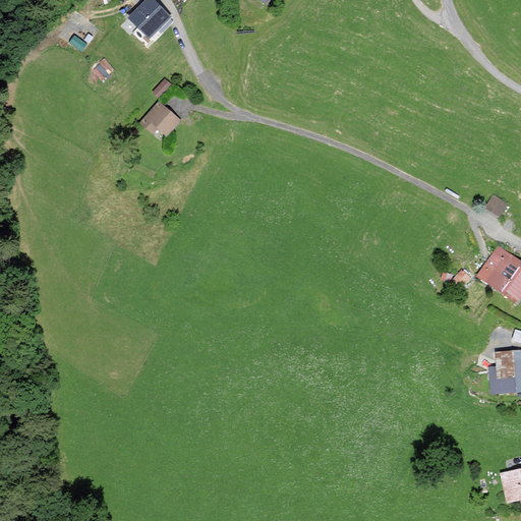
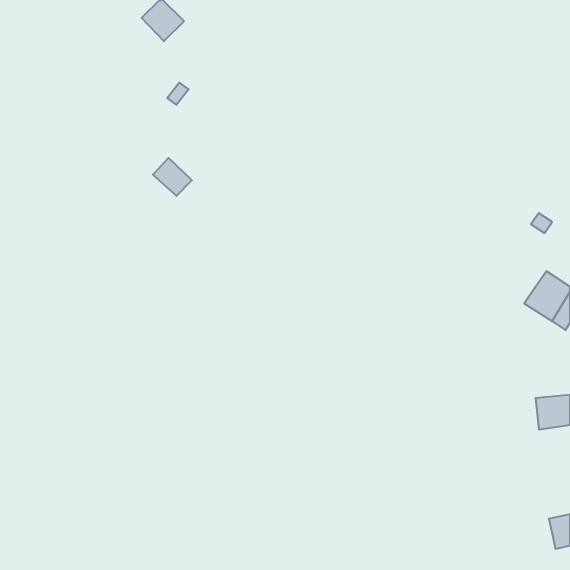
building: [143,101,179,135] -> [153,158,192,196]

